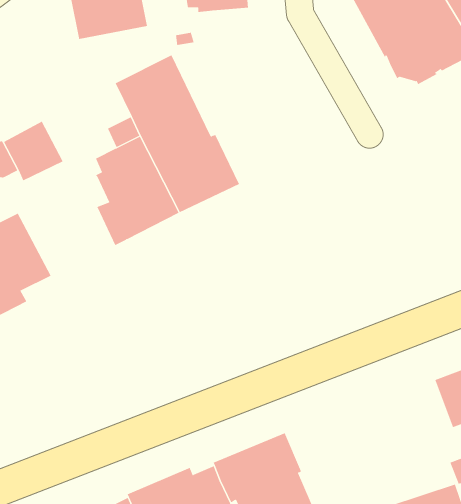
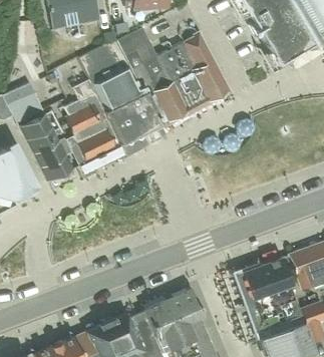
building: none -> [117,27,228,119]
building: none -> [22,110,75,182]
building: none -> [237,259,302,333]

